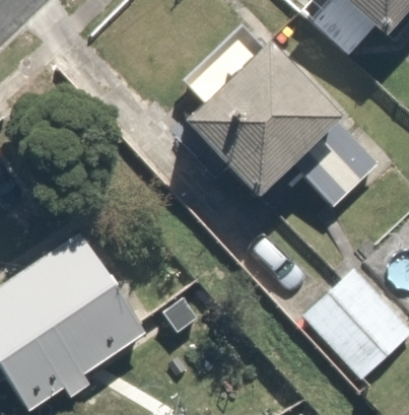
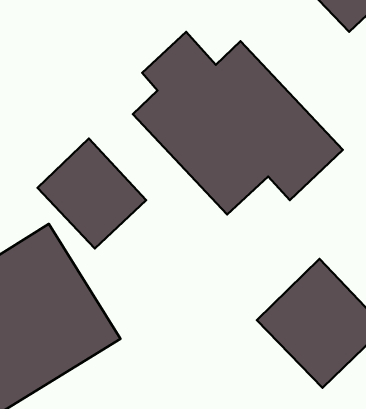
building: none -> [38,138,146,249]

